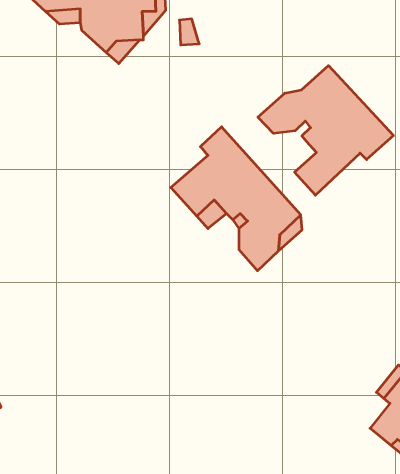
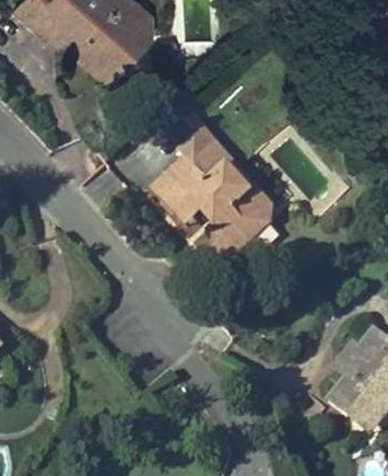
building: [258,66,393,195] -> none

